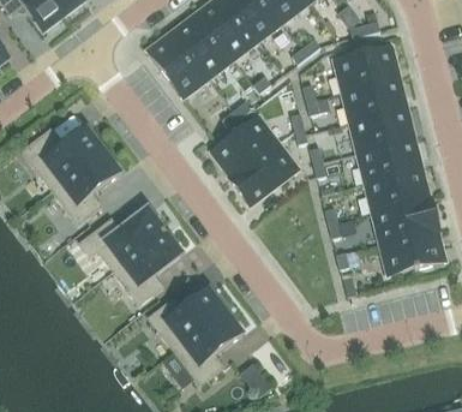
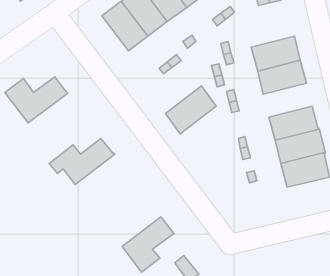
building: [336,44,400,90] -> none
building: [212,115,278,177] -> none
building: [359,137,422,181] -> none
building: [53,150,120,222] -> none
building: [114,229,181,303] -> none
building: [149,289,226,350] -> none

